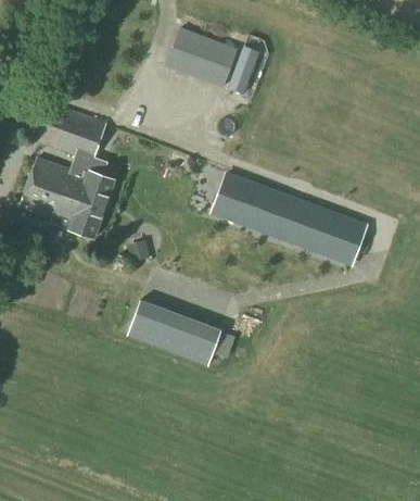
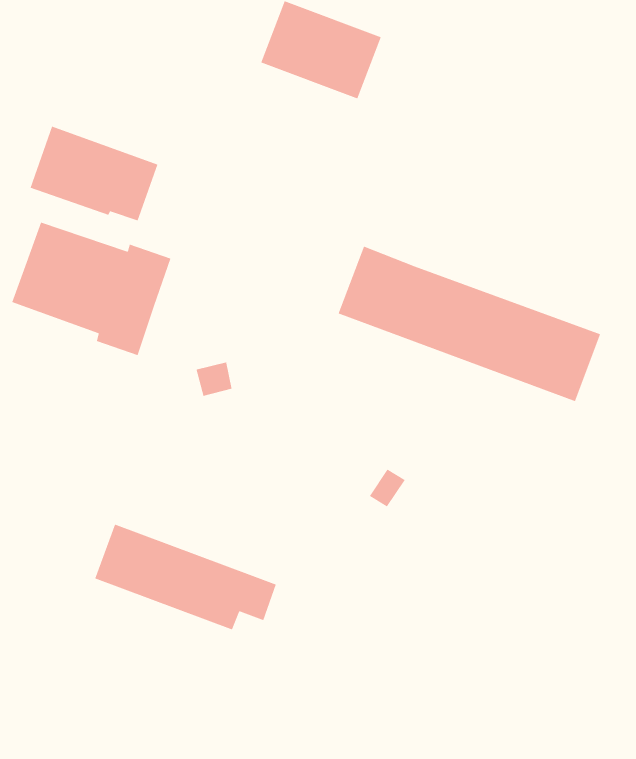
building: [225,49,259,93] -> none
building: [128,300,236,363] -> [94,523,277,630]

